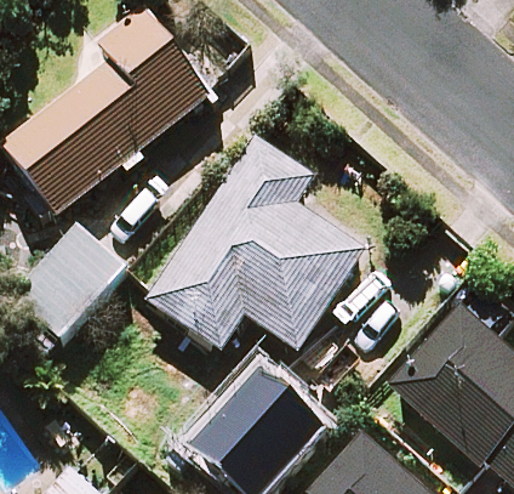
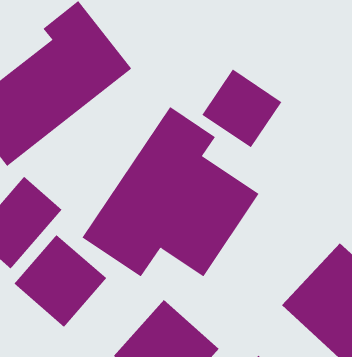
building: none -> [201,69,282,148]
building: none -> [13,234,107,328]

